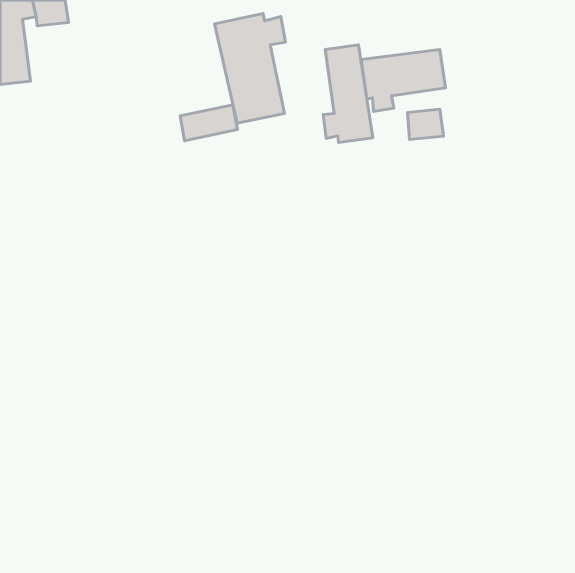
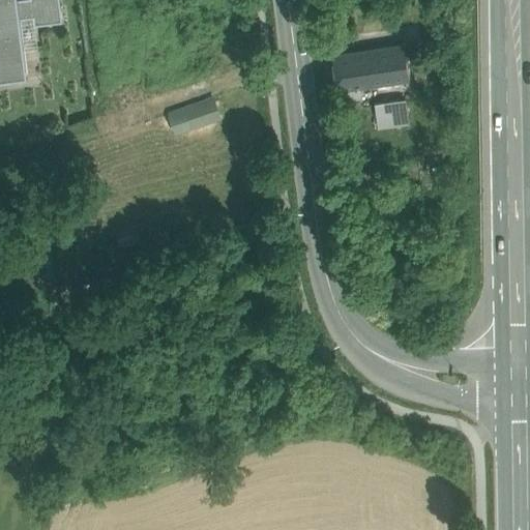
building: [215,14,286,123] -> none
building: [323,45,373,143] -> none

